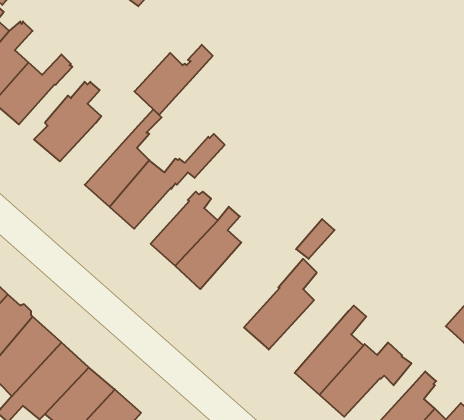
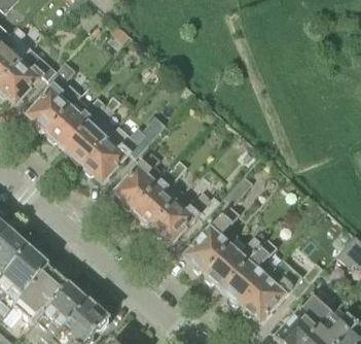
building: [134,45,213,115] -> [46,95,105,147]
building: none -> [151,190,215,242]
building: none -> [203,234,262,288]

